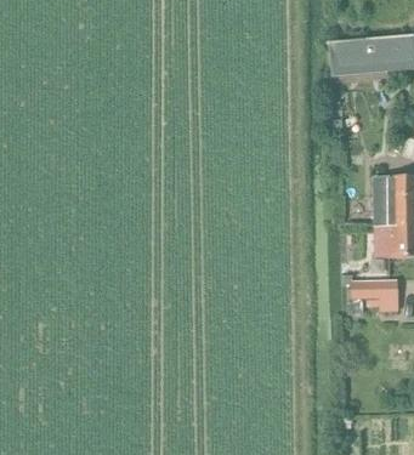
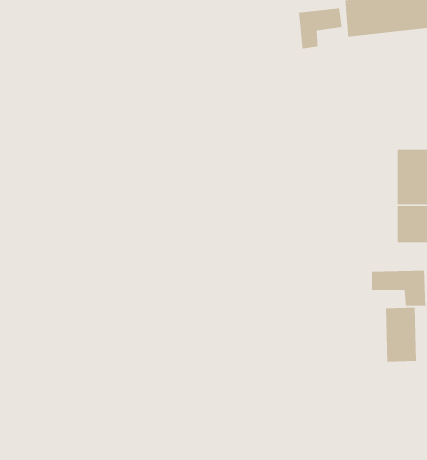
building: none -> [298,7,343,49]
building: none -> [385,307,417,362]

